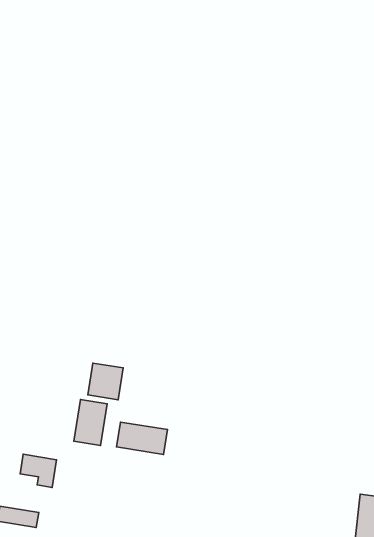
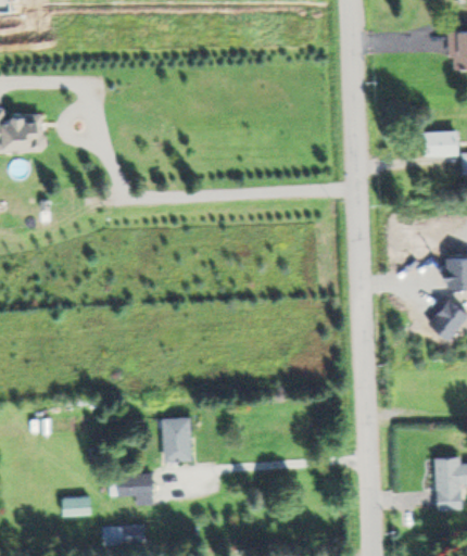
building: [88,363,123,400] -> none
building: [117,422,168,455] -> none

